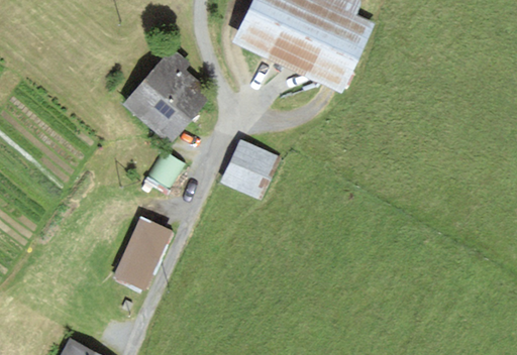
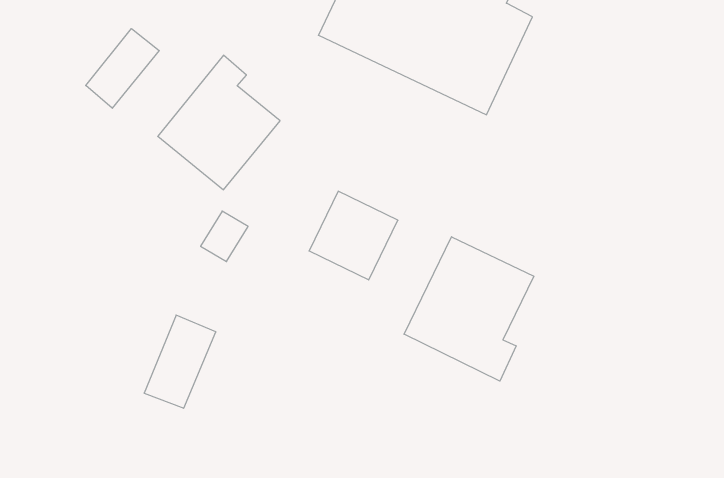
building: none -> [86,29,159,108]
building: none -> [404,237,534,381]

